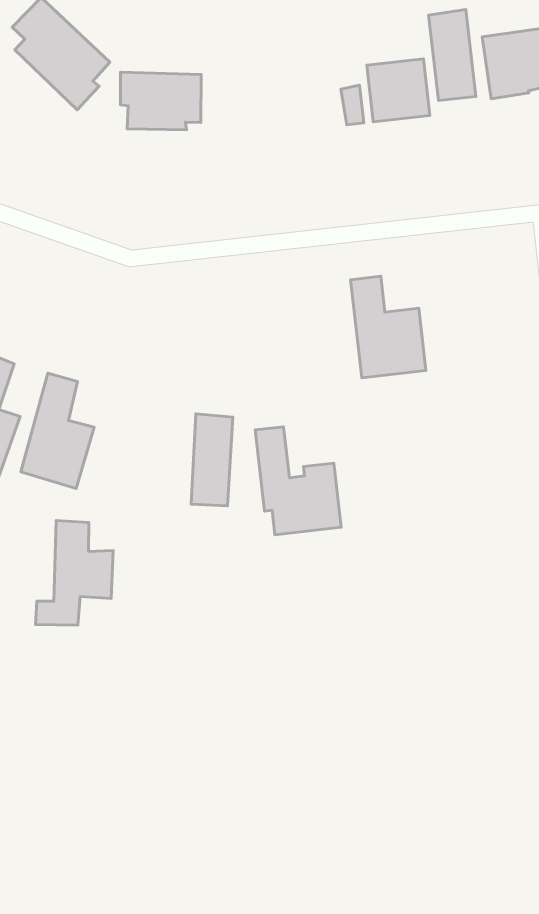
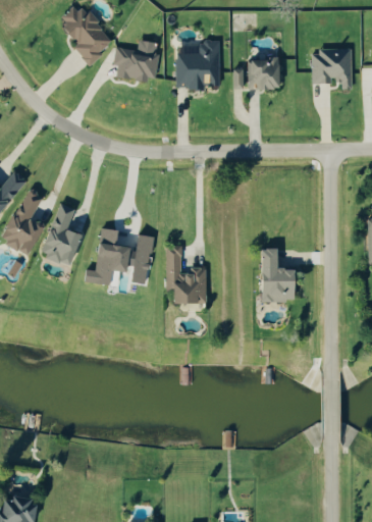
building: [429,10,476,100] -> none
building: none -> [177,44,221,89]
building: [350,276,426,378] -> [259,249,294,302]
building: [35,521,113,625] -> [84,227,129,284]

